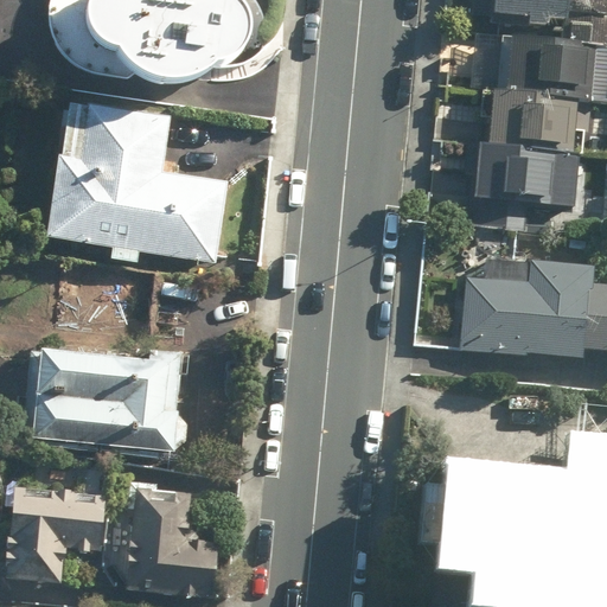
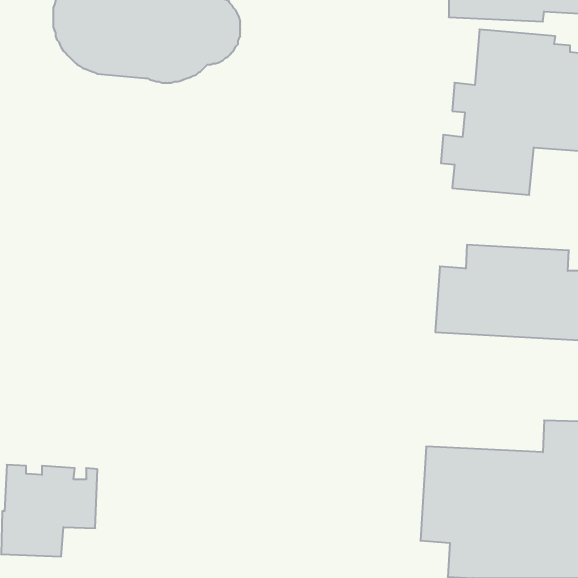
building: [45,101,229,262] -> none
building: [30,351,185,451] -> none
building: [127,481,221,600] -> none

